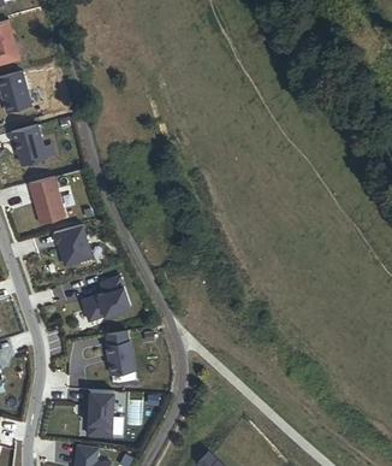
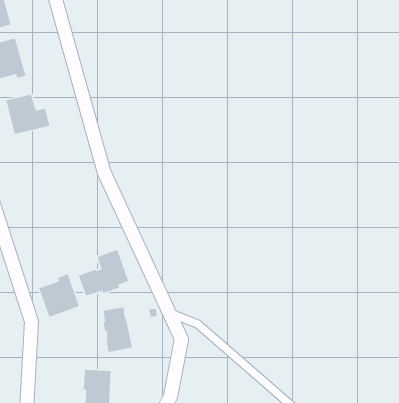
building: [29,176,65,223] -> none
building: [53,224,91,265] -> none
building: none -> [38,273,80,318]

